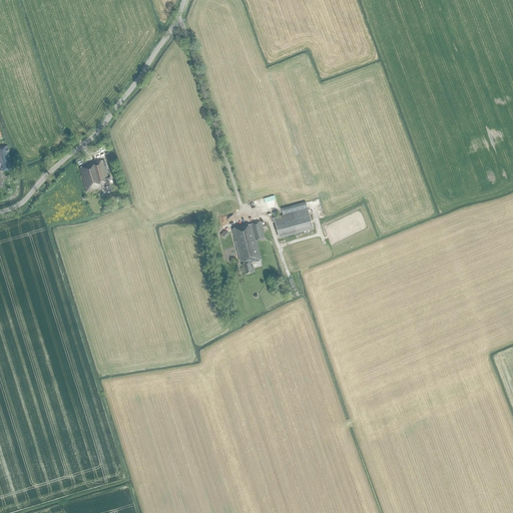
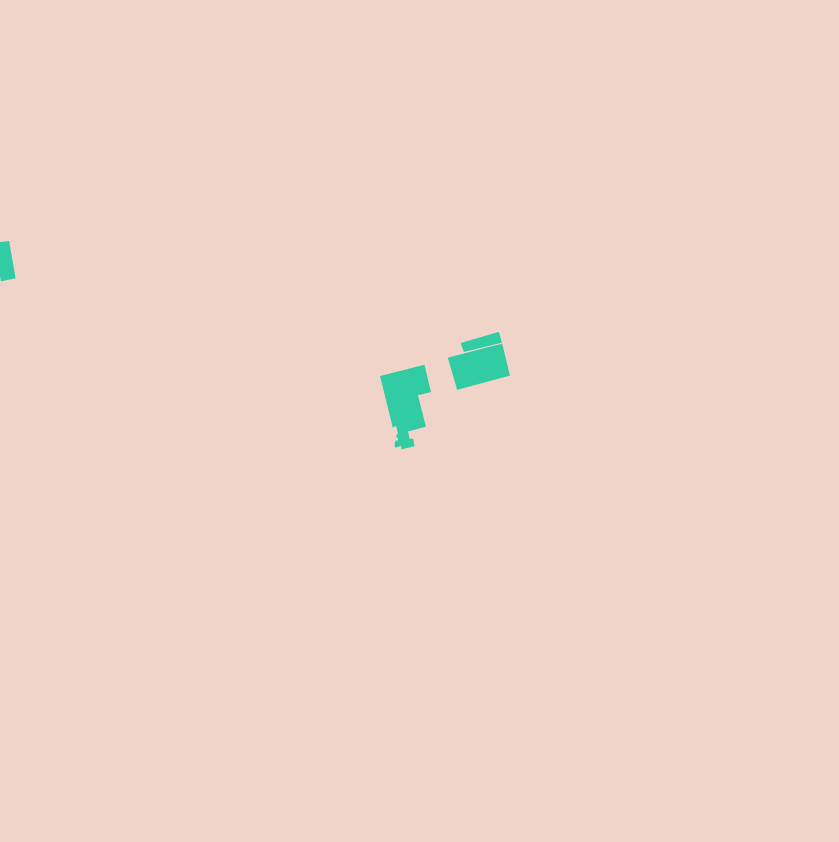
building: [77,160,110,193] -> none

